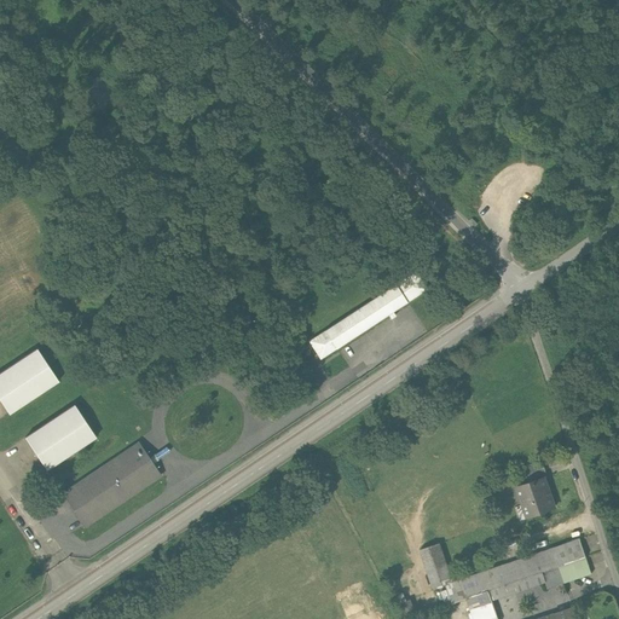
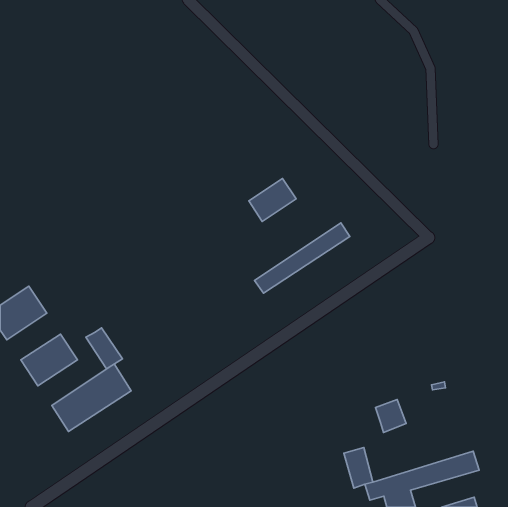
building: none -> [249,178,296,221]
building: none -> [86,328,123,369]
building: [517,476,555,516] -> [375,400,406,432]

